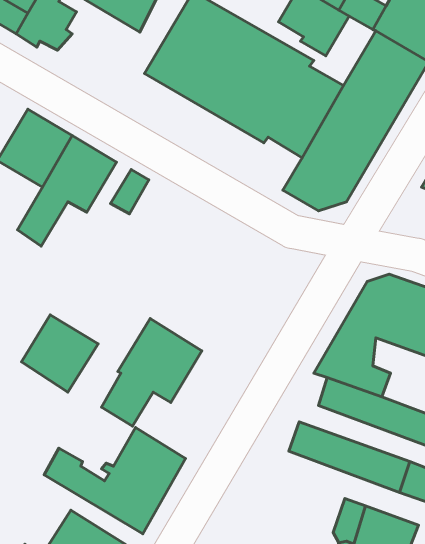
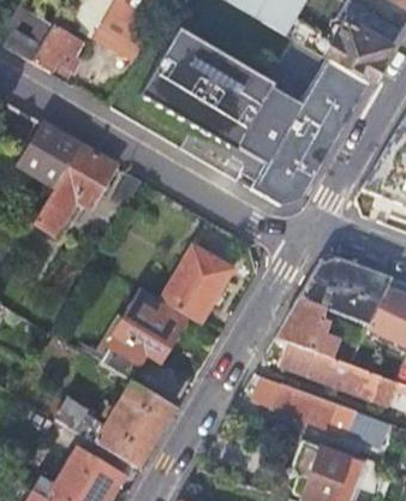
building: none -> [160,245,232,324]
building: [21,315,98,392] -> none

